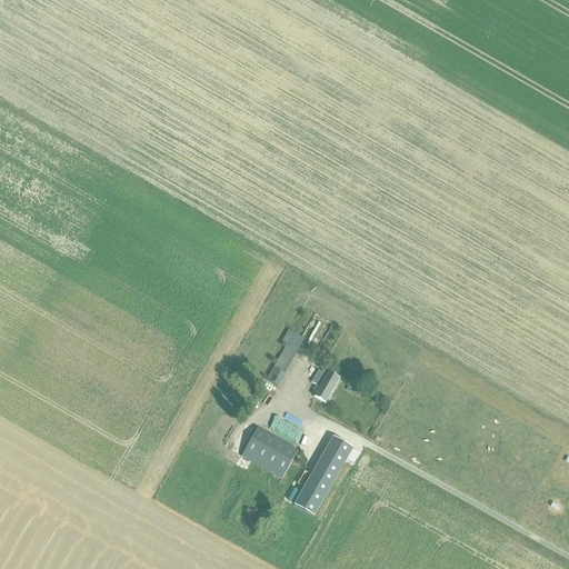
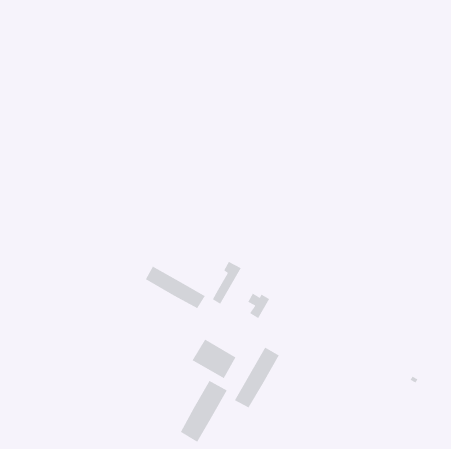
building: none -> [145,265,206,309]
building: none -> [180,380,228,443]

